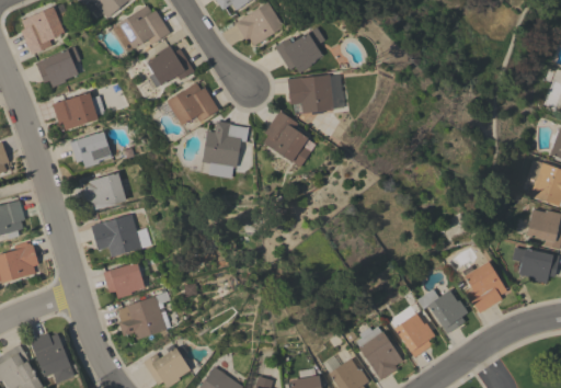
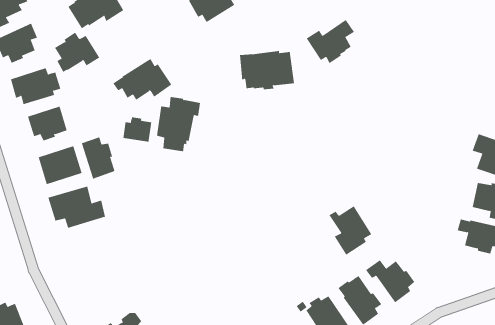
building: [274,27,324,73] -> [306,19,355,64]
building: [147,46,194,88] -> [54,32,100,72]
building: [262,112,314,167] -> none
building: none -> [123,117,152,143]
building: none -> [81,137,115,179]
building: [103,261,149,298] -> none
building: [461,262,506,313] -> [329,205,372,256]
building: [115,292,170,340] -> none

